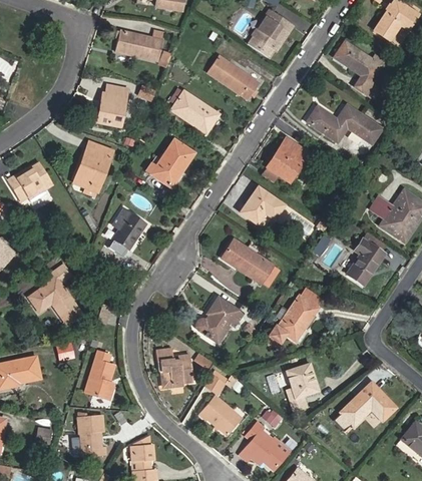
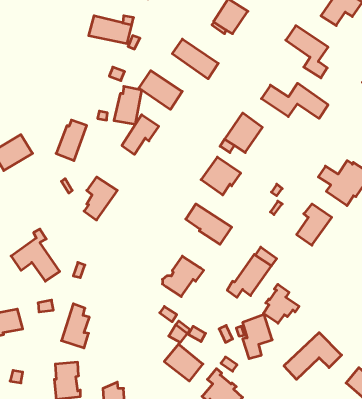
building: [96,84,127,126] -> [114,86,142,124]
building: none -> [263,284,299,323]
building: [157,348,192,387] -> none

